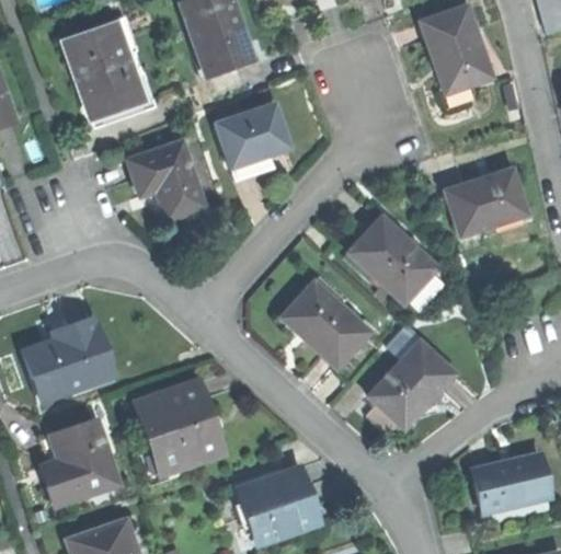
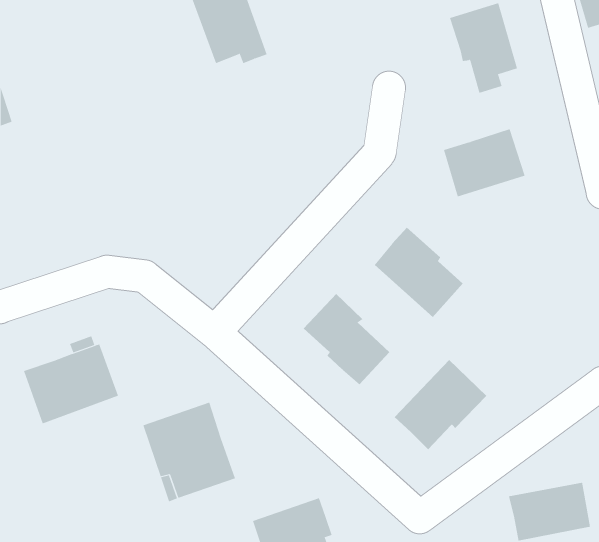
building: [61,22,136,116] -> none
building: [216,103,289,166] -> none
building: [127,141,205,220] -> none
building: [450,172,527,235] -> [443,129,526,197]
building: [45,420,119,503] -> none

